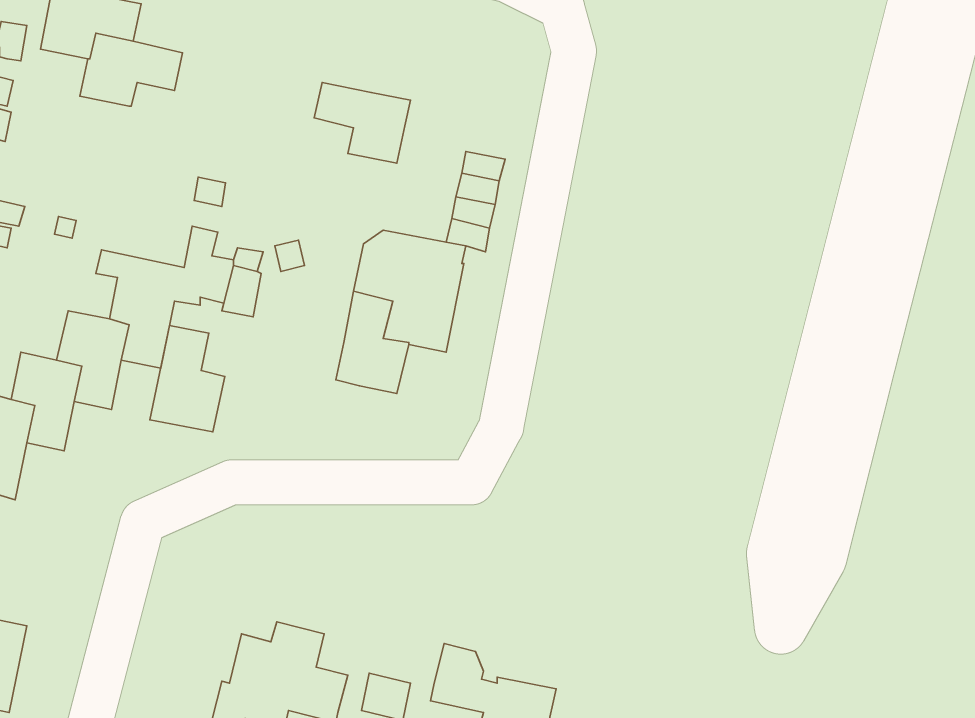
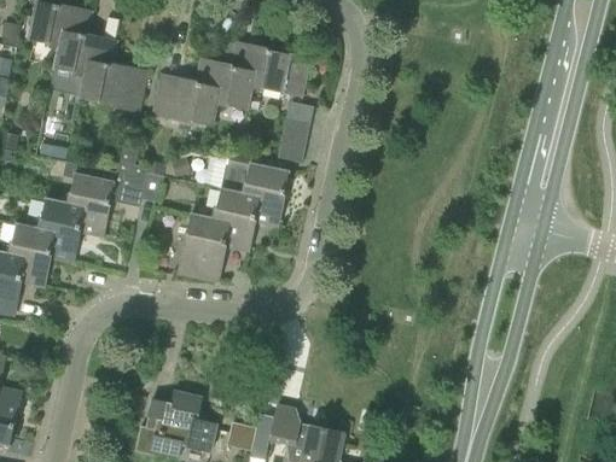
building: none -> [232,42,308,97]
building: none -> [79,59,145,110]
building: none -> [155,75,221,125]
building: [150,325,225,432] -> [179,214,225,279]

